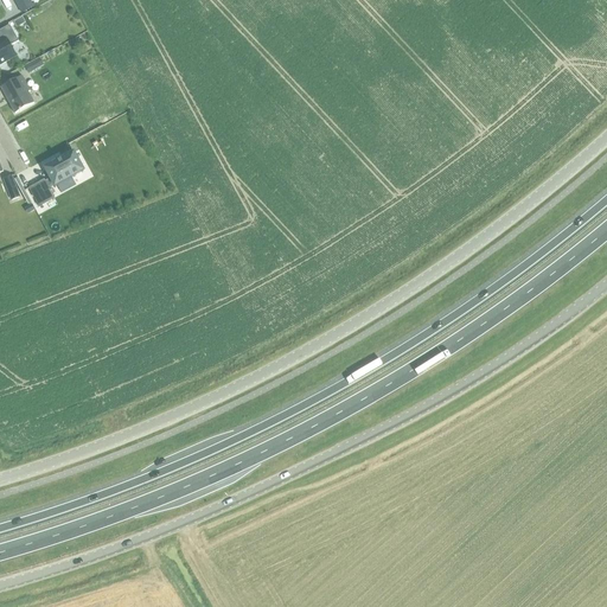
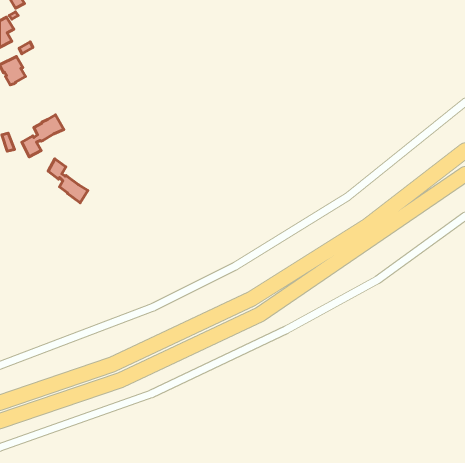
building: none -> [48,159,88,203]

